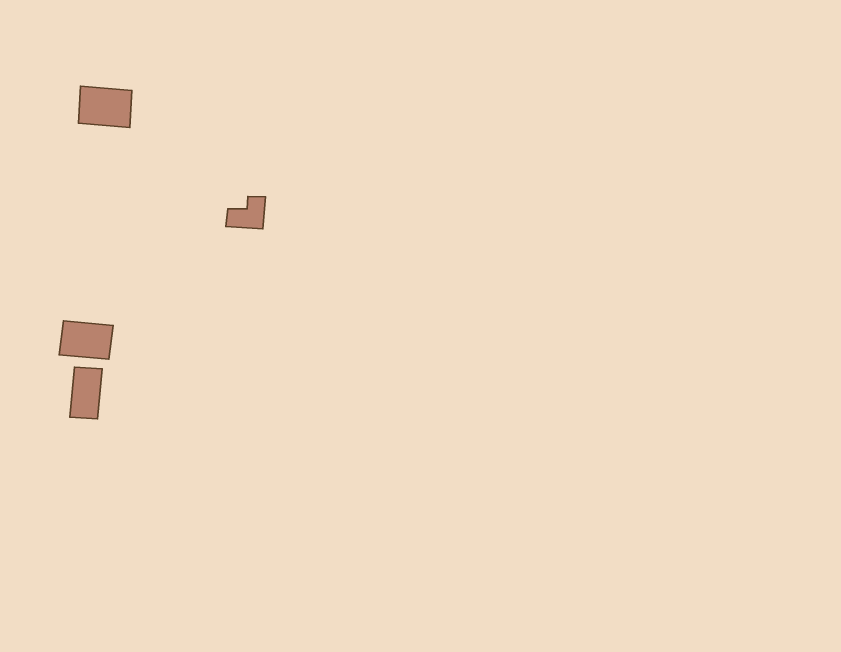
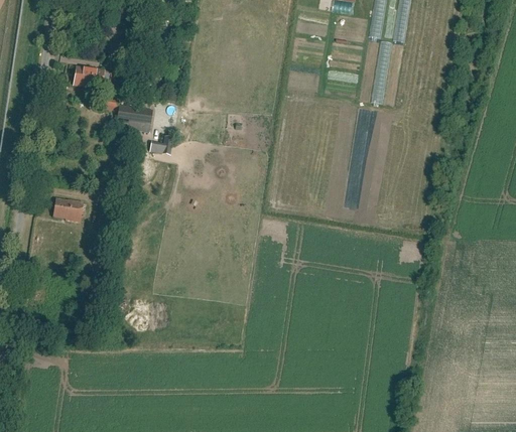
building: none -> [117,106,153,132]
building: [70,367,102,419] -> none

